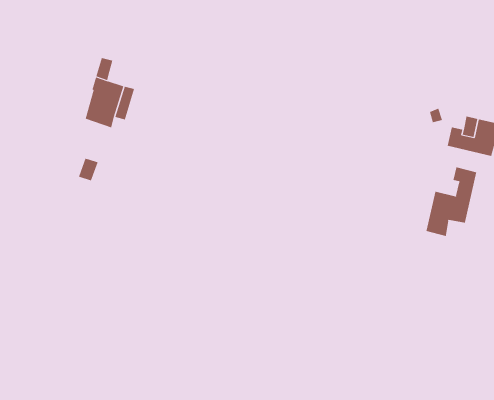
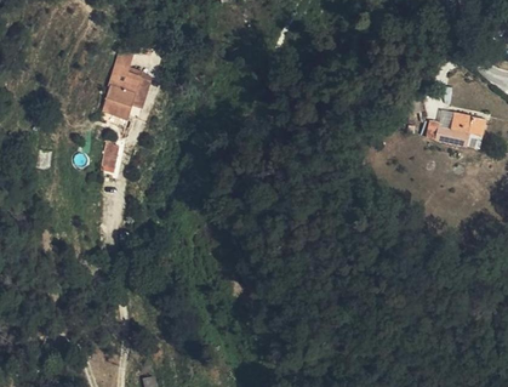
building: [426,167,477,237] -> none

